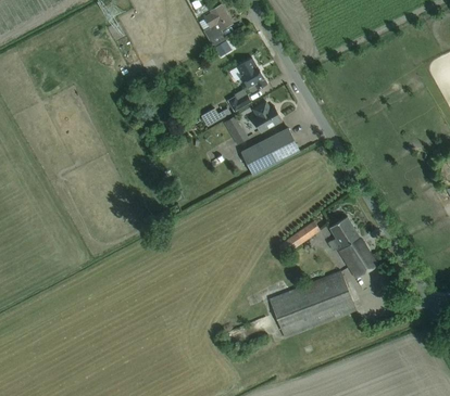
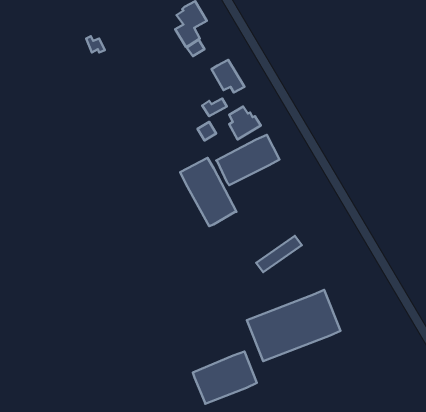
building: none -> [180,158,236,226]
building: [328,216,376,278] -> none
building: none -> [193,352,257,404]

